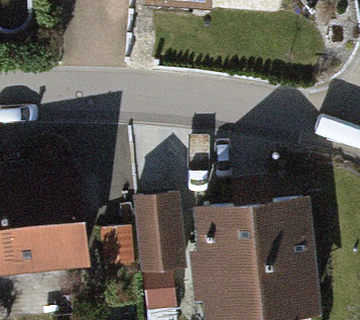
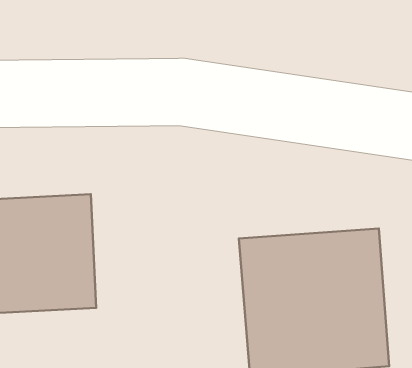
building: [128,194,189,276] -> none

